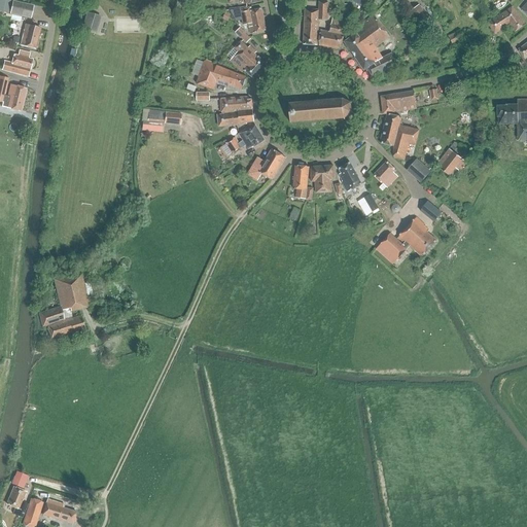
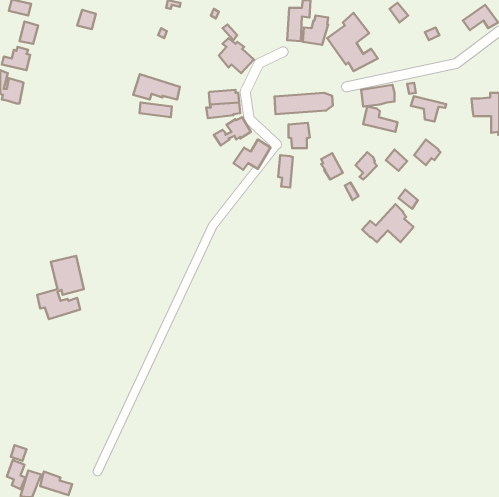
building: [234,6,266,32] -> none
building: [197,61,246,87] -> [133,74,180,100]
building: [380,131,417,157] -> [411,96,446,122]
building: [312,164,335,190] -> [288,123,310,148]

